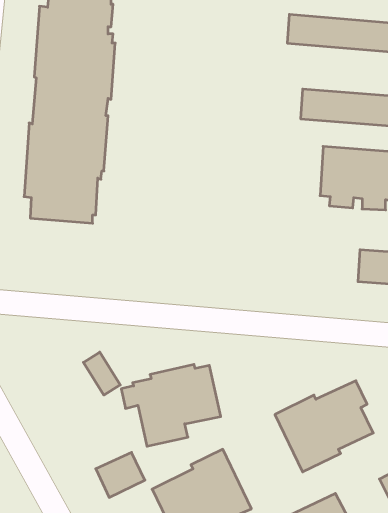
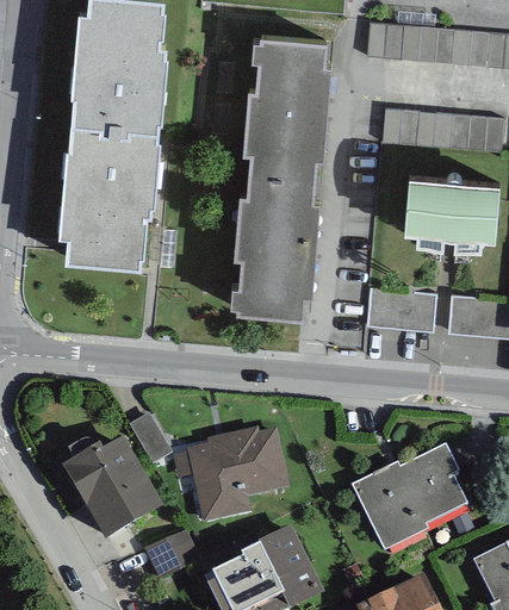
building: none -> [230,33,330,316]
building: none -> [367,287,437,329]
building: none -> [61,440,163,544]

